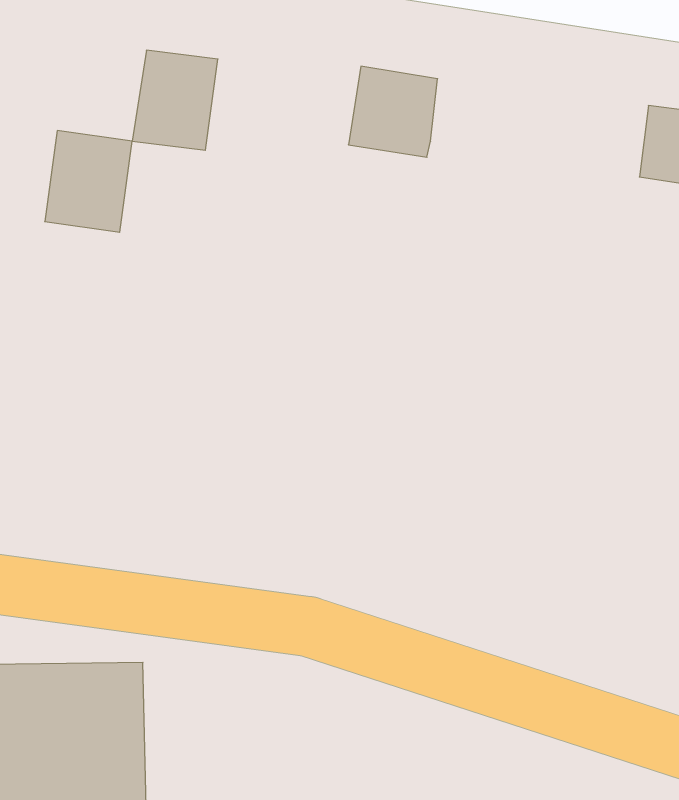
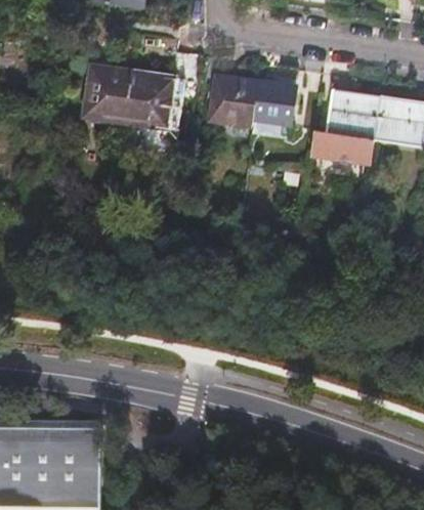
building: none -> [255,82,297,124]
building: none -> [309,90,380,164]
building: [45,131,132,232] -> [126,71,176,129]

